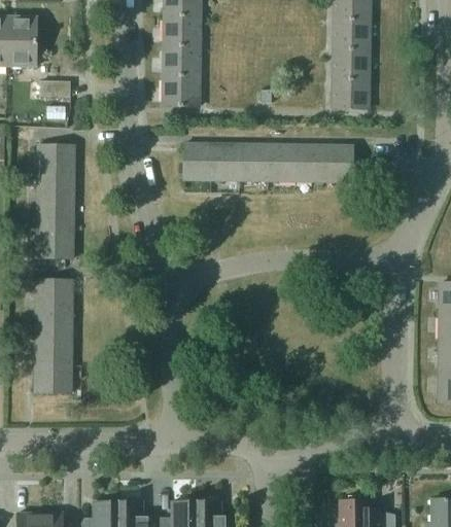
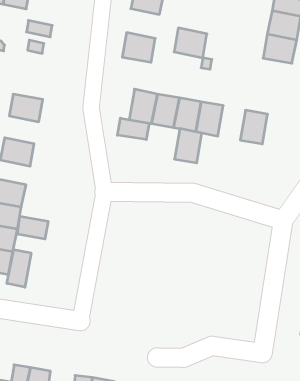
building: [163,46,199,77] -> [174,28,207,58]
building: [333,78,370,109] -> none
building: [296,144,323,182] -> [174,129,202,163]
building: [38,146,75,175] -> none
building: none -> [117,118,149,140]
building: [37,202,75,231] -> none
building: none -> [17,216,48,239]
building: none -> [7,249,31,287]

